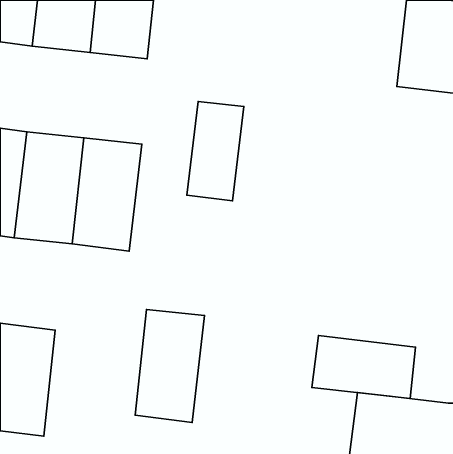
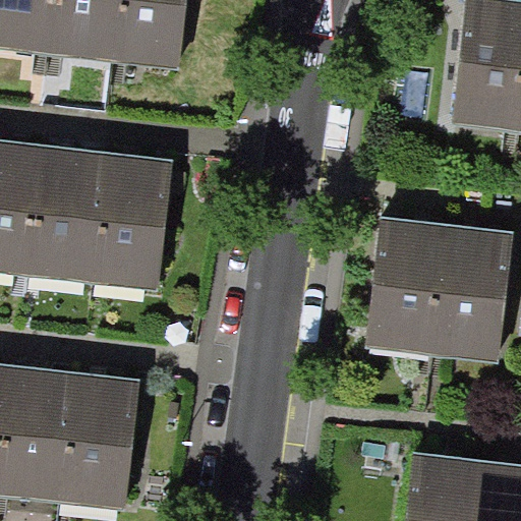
building: [187,102,244,201] -> none
building: none -> [368,215,512,341]
building: [135,309,205,422] -> [53,379,132,508]
building: [312,336,416,398] -> none

